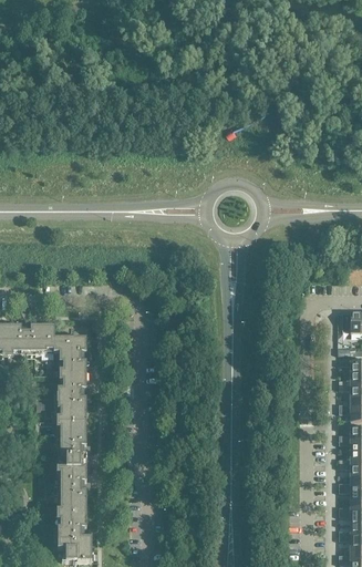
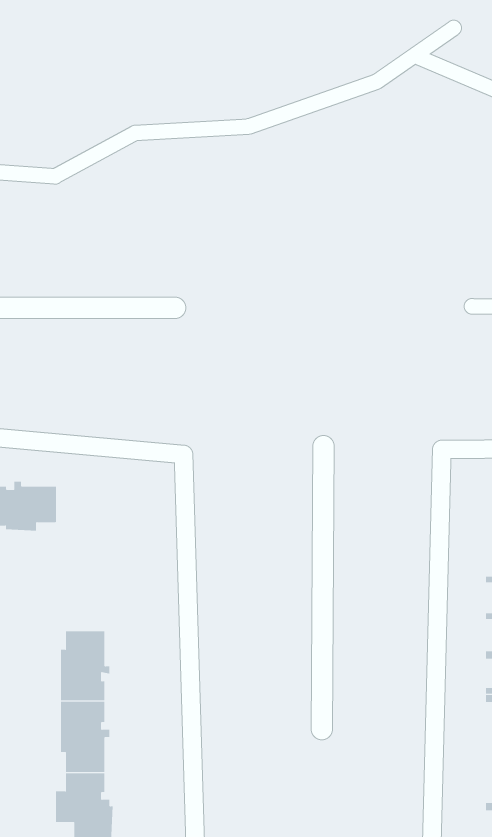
building: [54,337,91,421] -> none

